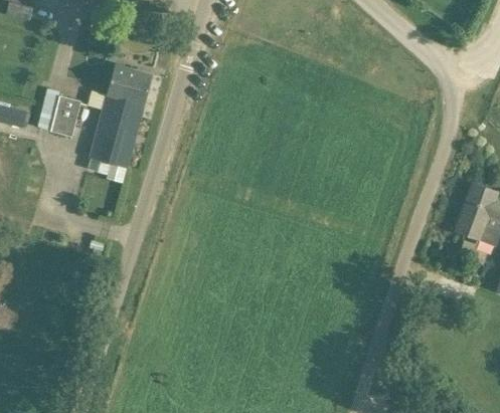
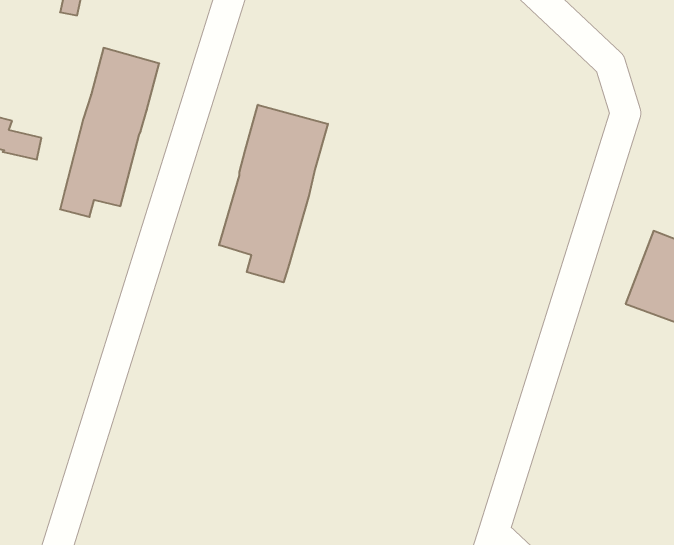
building: [54,94,81,122] -> none
building: none -> [219,105,328,282]

